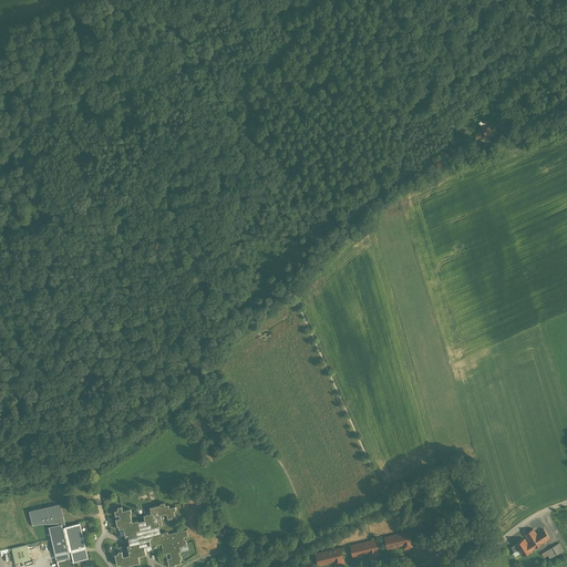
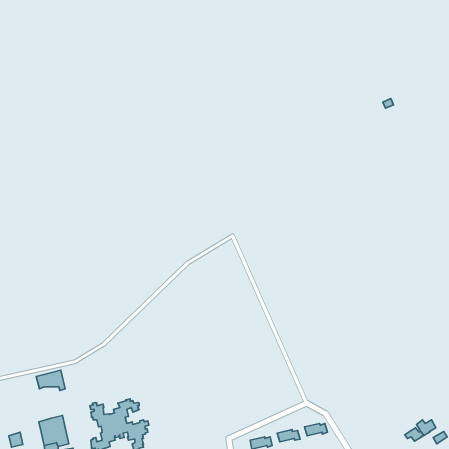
building: [28,504,64,529] -> [36,370,65,390]

